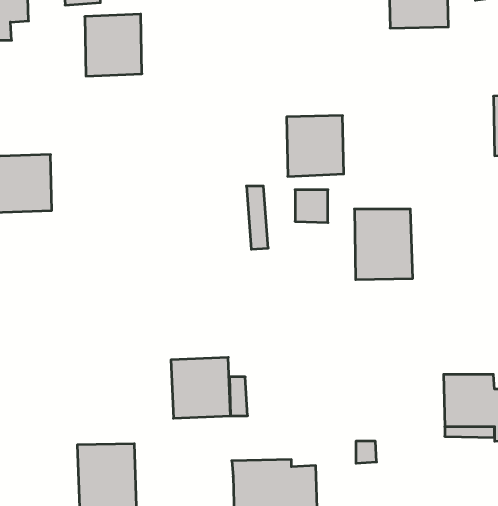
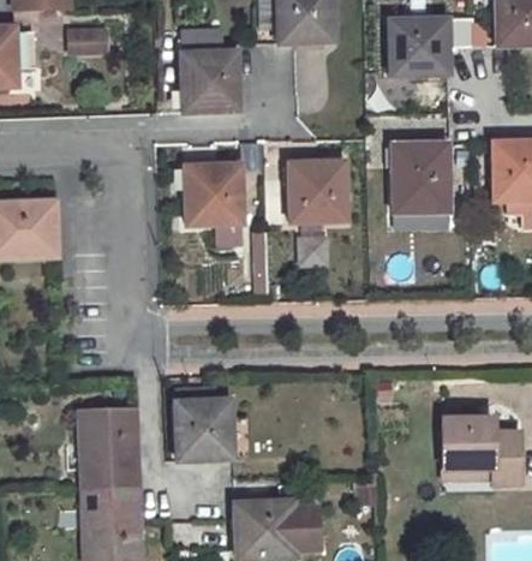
building: [85,14,142,76] -> [183,52,239,113]
building: none -> [184,165,241,223]
building: [354,209,413,280] -> [391,142,449,211]
building: none -> [79,410,138,487]

